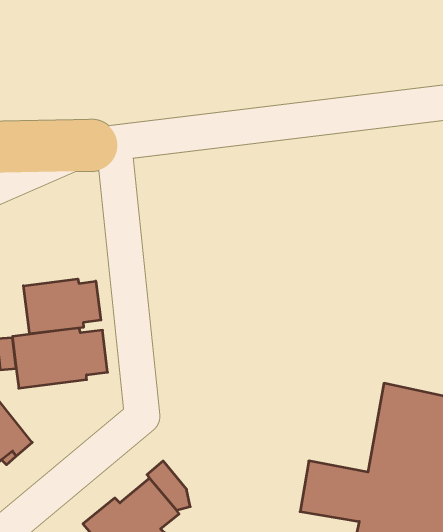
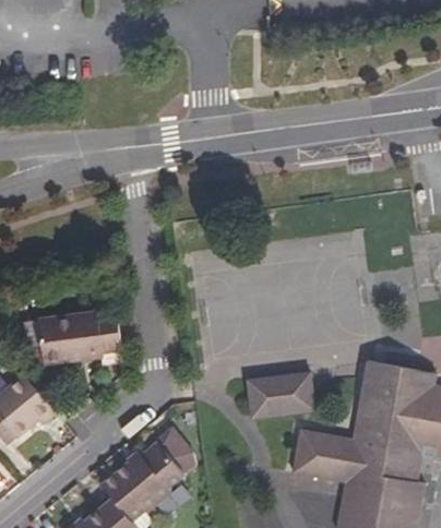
building: [23,279,101,334] -> none
building: none -> [247,372,315,419]

